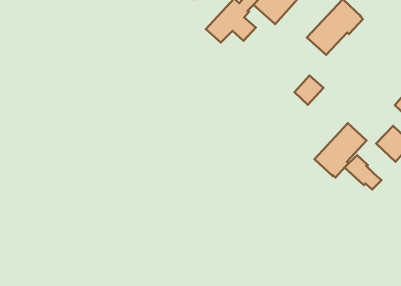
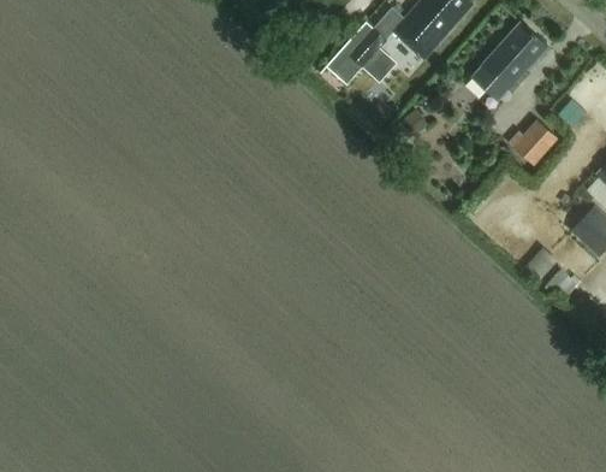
building: [294,75,324,105] -> [515,120,557,163]
building: [314,123,366,178] -> none

